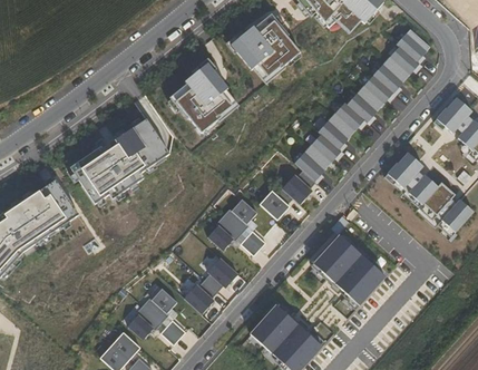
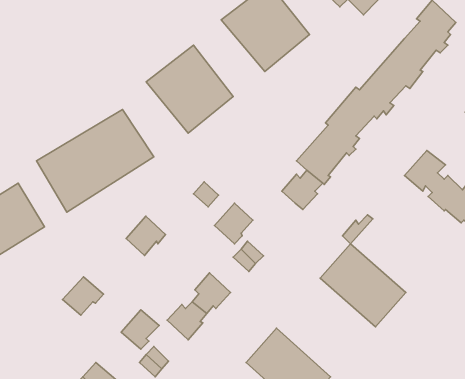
building: [258,185,292,218] -> none
building: [207,216,241,250] -> [126,216,166,256]
building: [127,306,162,339] -> [63,277,103,315]

